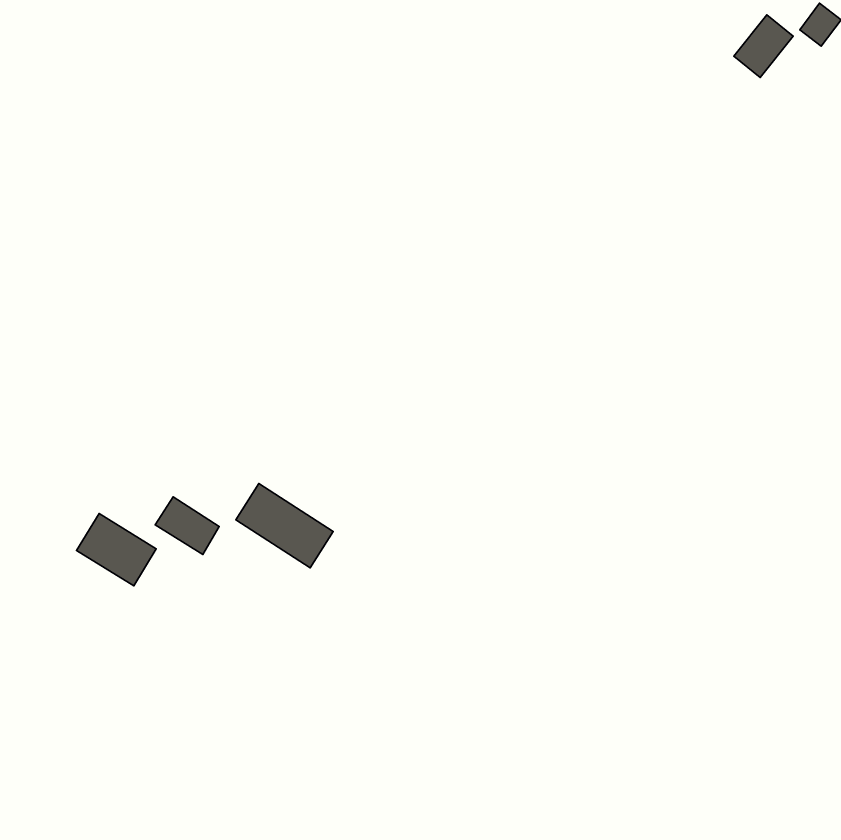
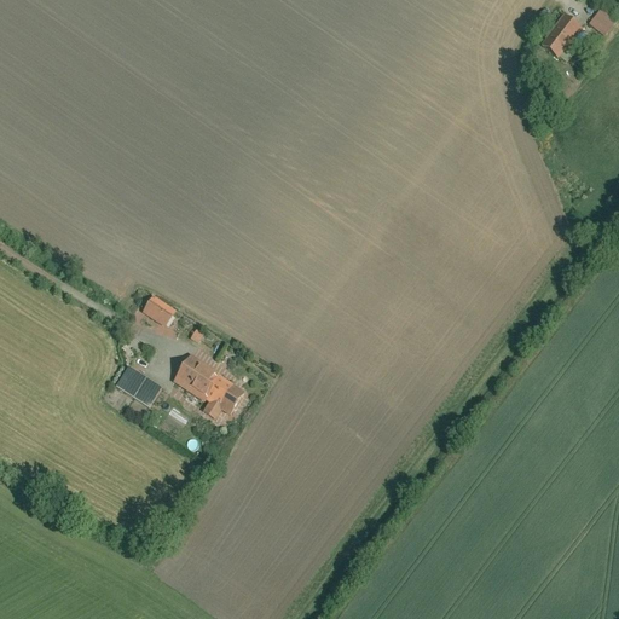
building: none -> [141,293,177,326]
building: [77,513,156,586] -> none

